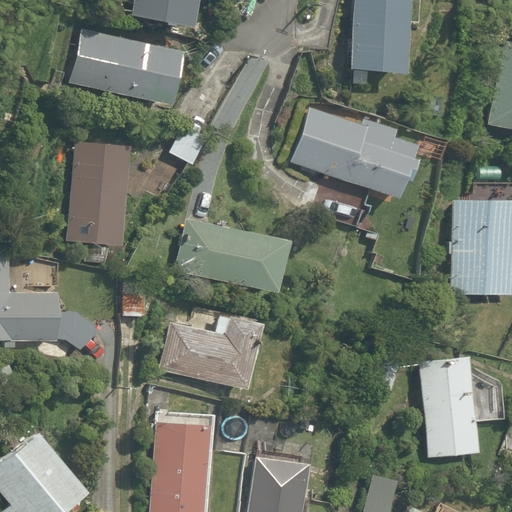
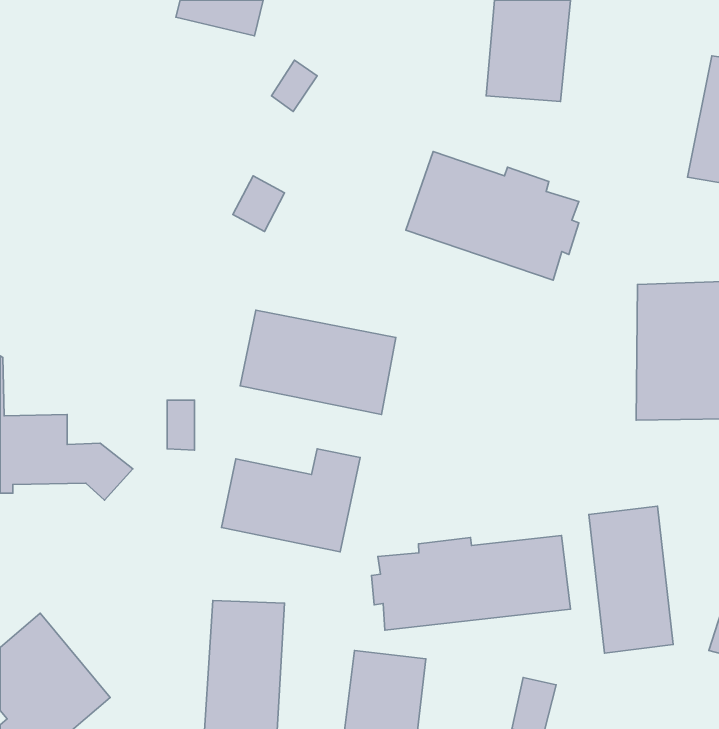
building: [74,30,180,103] -> none
building: [69,141,130,264] -> none
building: none -> [372,535,570,630]

